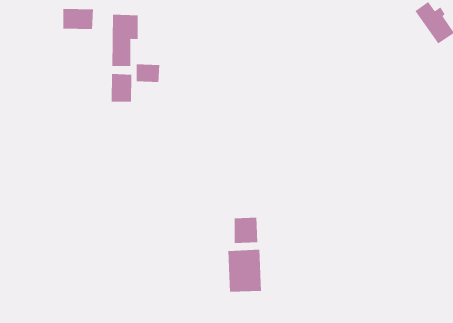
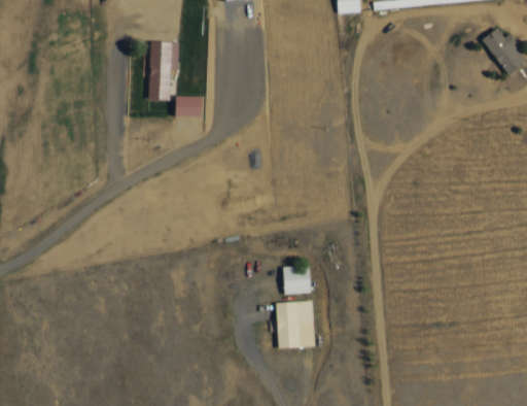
building: [63,8,94,30] -> none
building: [111,73,132,102] -> none

